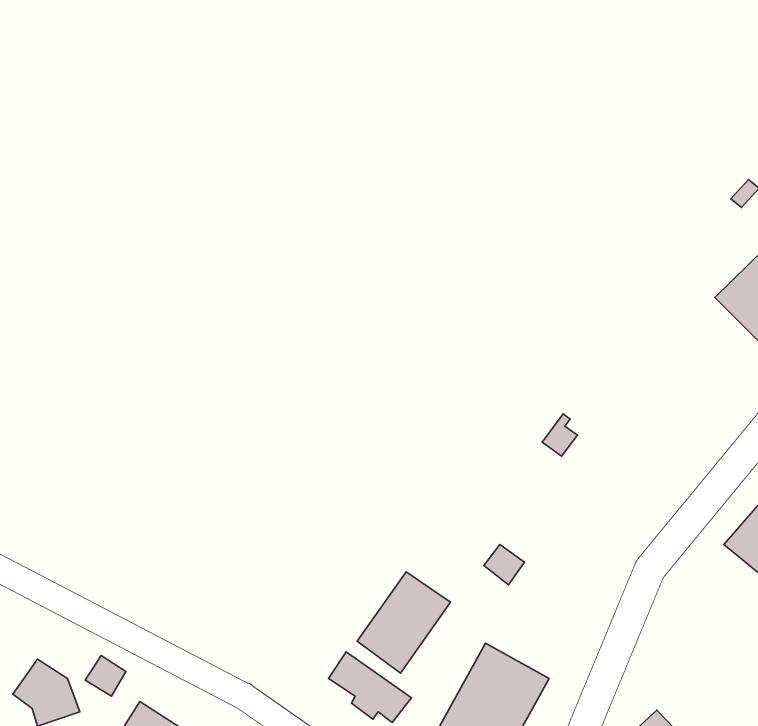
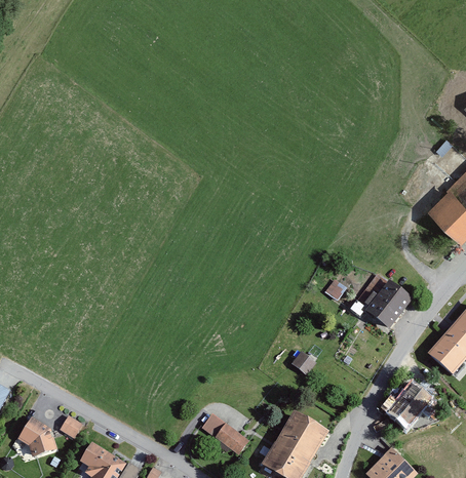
building: none -> [364,282,412,329]
building: [357,572,450,673] -> none
building: none -> [387,384,430,429]

